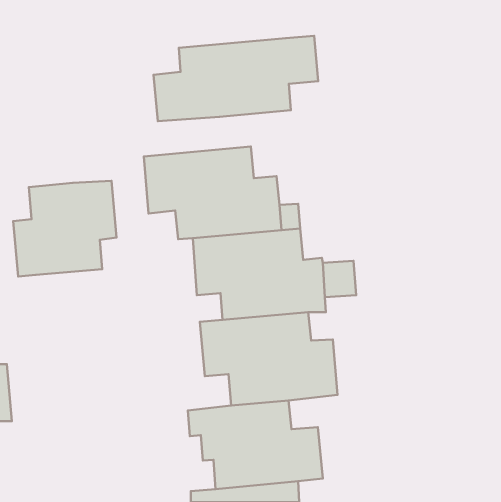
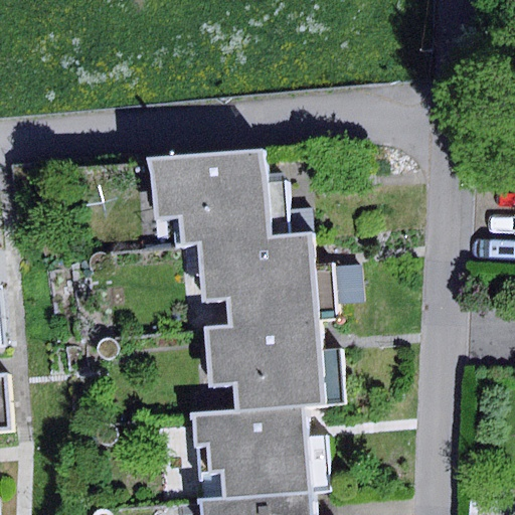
building: [154,36,318,121] -> none
building: [13,181,116,277] -> none

